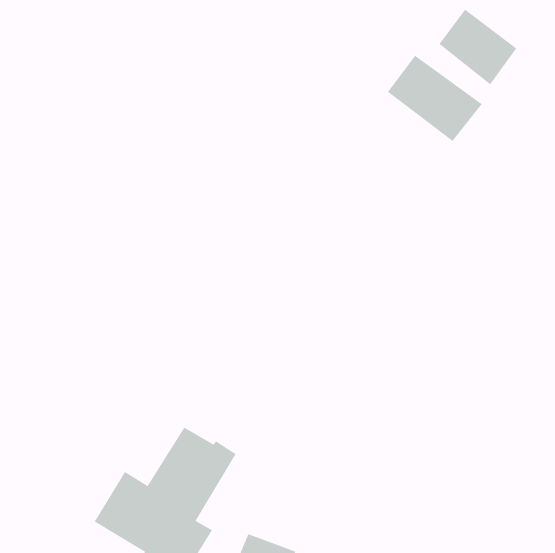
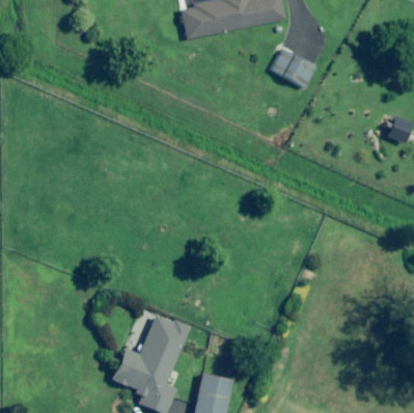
building: [387,55,483,142] -> none

